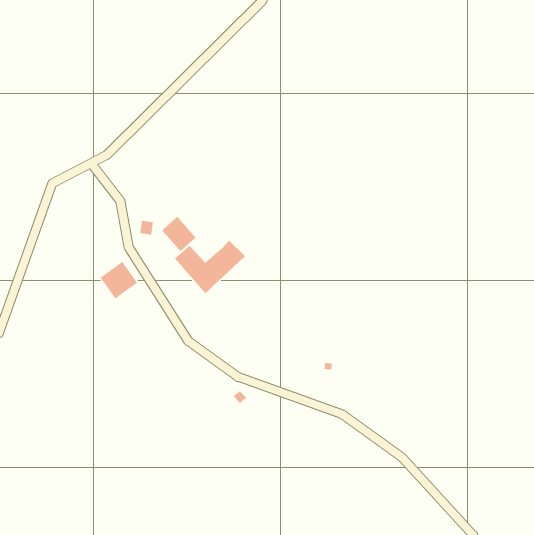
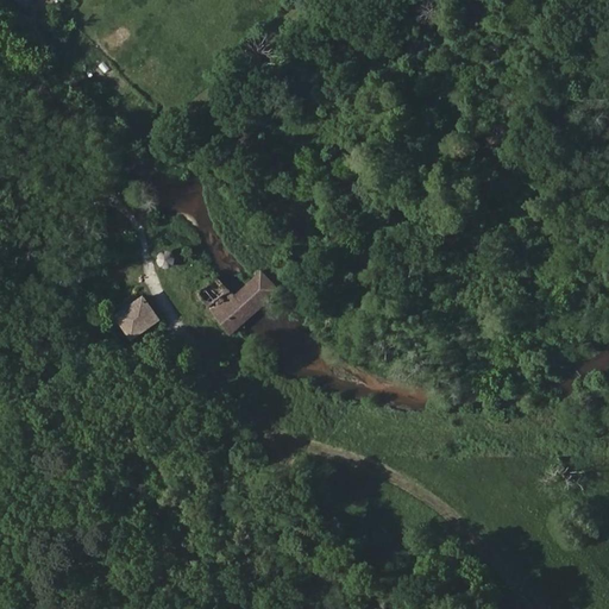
building: [161,216,197,252] -> none

